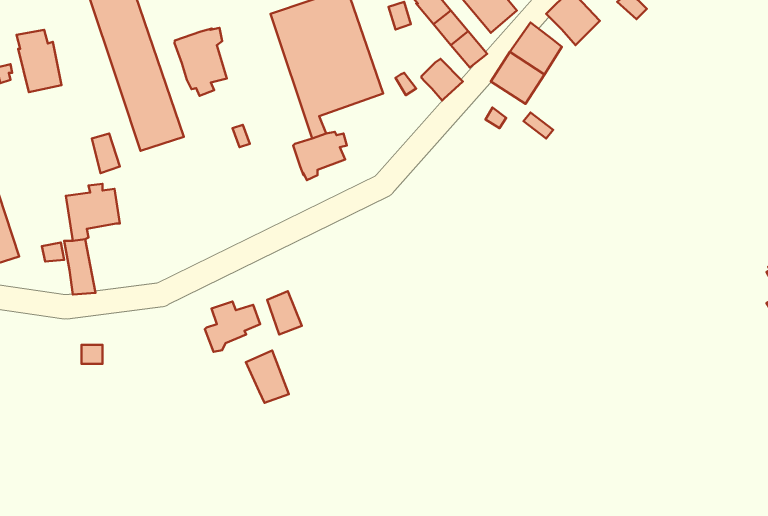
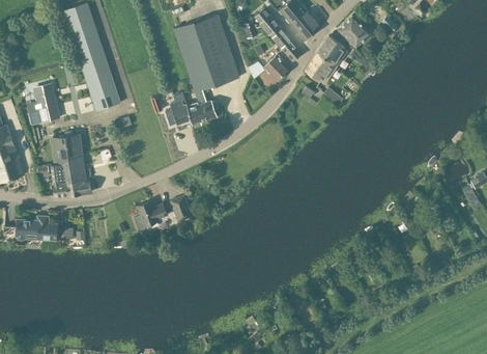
building: [174,28,227,96] -> none
building: [17,30,62,92] -> [33,85,60,122]
building: none -> [165,91,191,126]
building: none -> [62,155,92,196]
building: none -> [16,219,57,239]
building: [246,350,289,403] -> none

